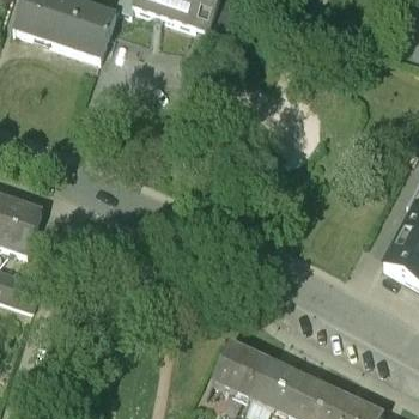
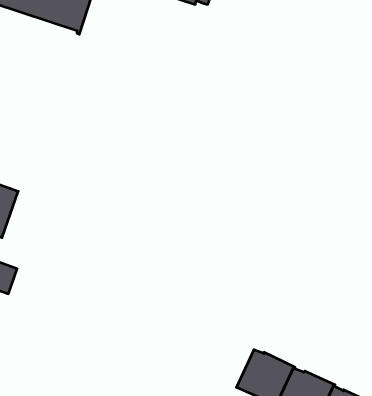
building: [213,341,269,397] -> none

